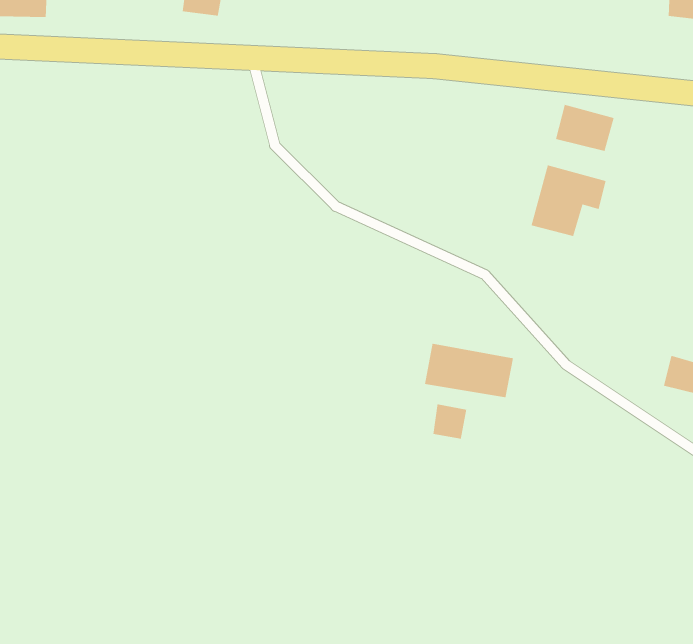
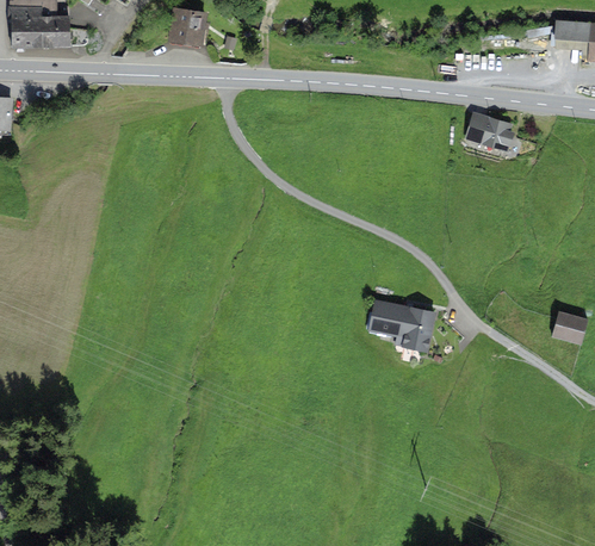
building: [531,165,606,237] -> none
building: [433,404,467,439] -> none

